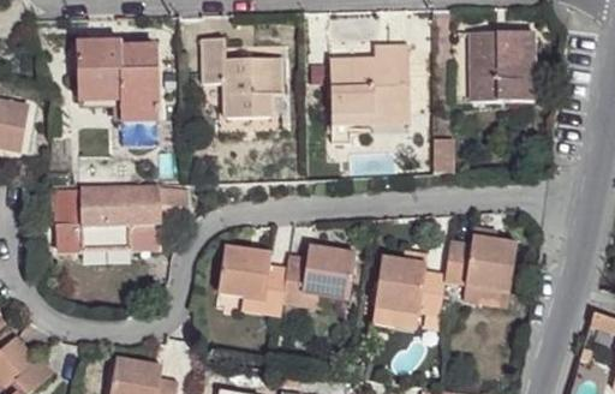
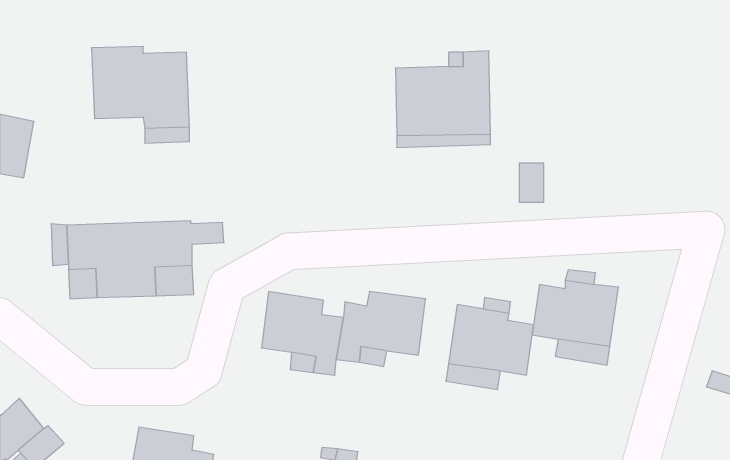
building: [471,31,535,101] -> none
building: [203,38,282,117] -> none

